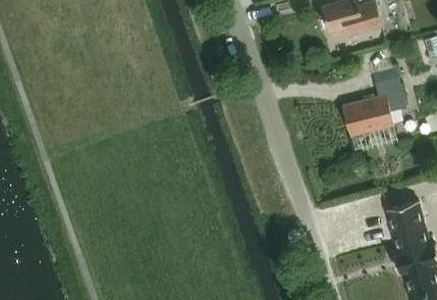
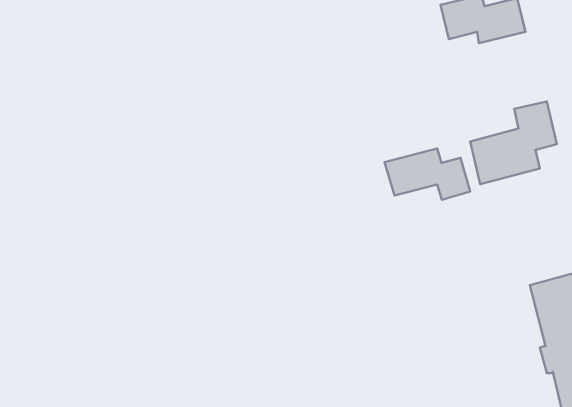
building: none -> [385,148,470,200]

